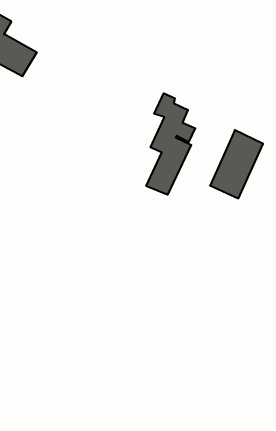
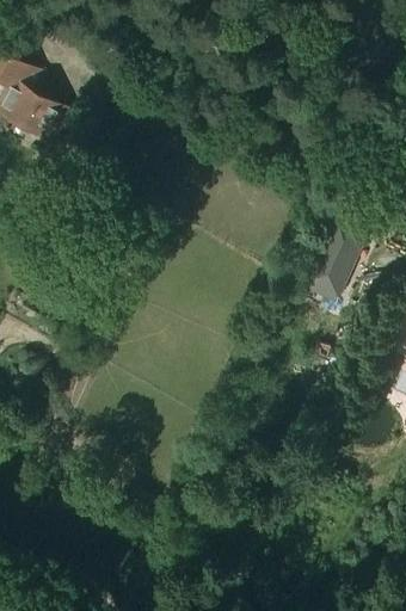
building: [146,93,195,195] -> none

